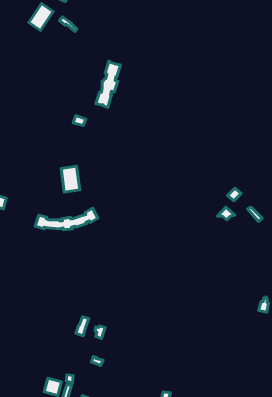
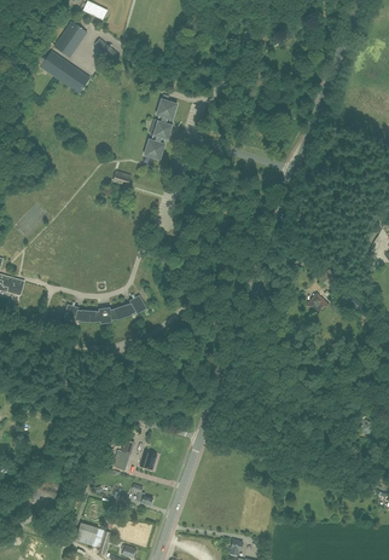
building: none -> [31,50,89,92]
building: [61,166,80,192] -> none

